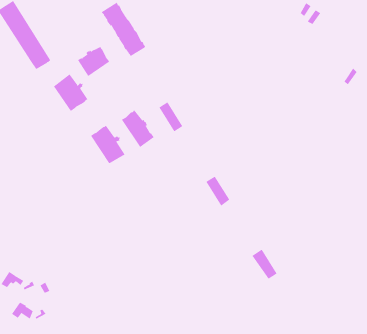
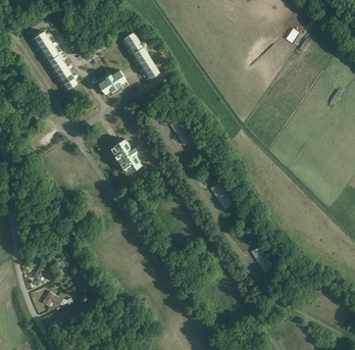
building: [53,74,88,112] -> none
building: [121,110,154,148] -> none

